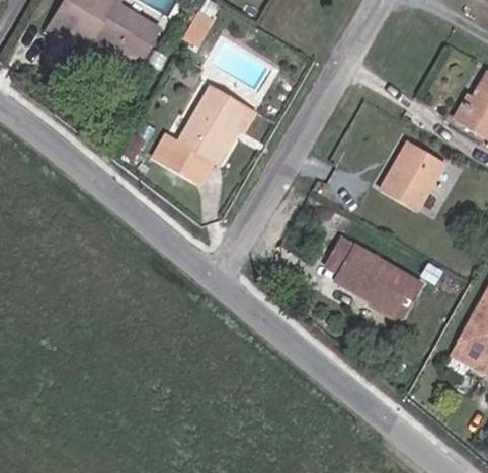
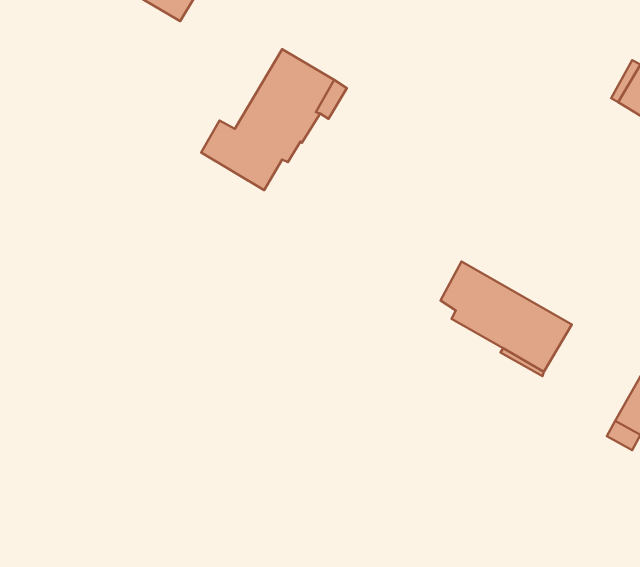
building: [380,139,445,211] -> none

